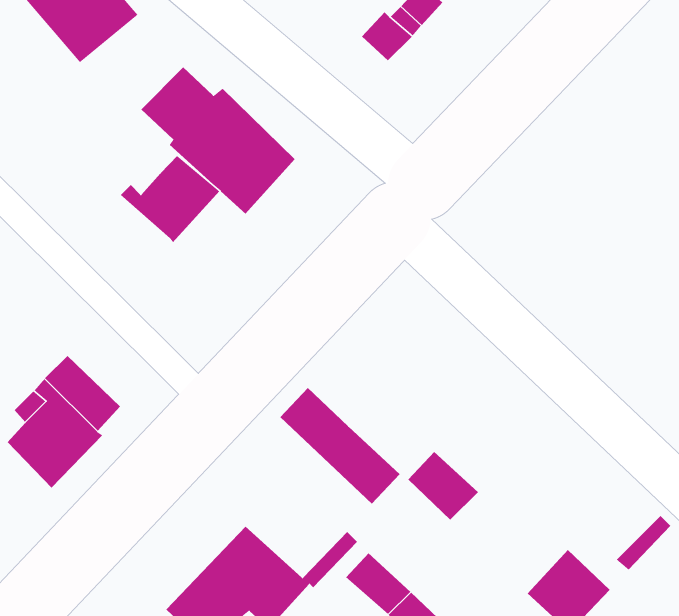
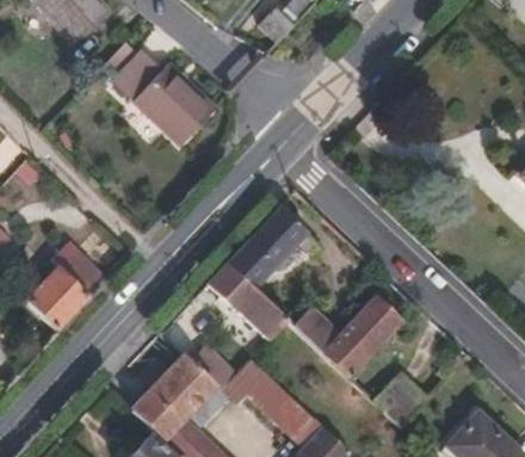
building: [120,155,220,243] -> none
building: none -> [227,208,322,289]
building: none -> [322,296,401,375]

